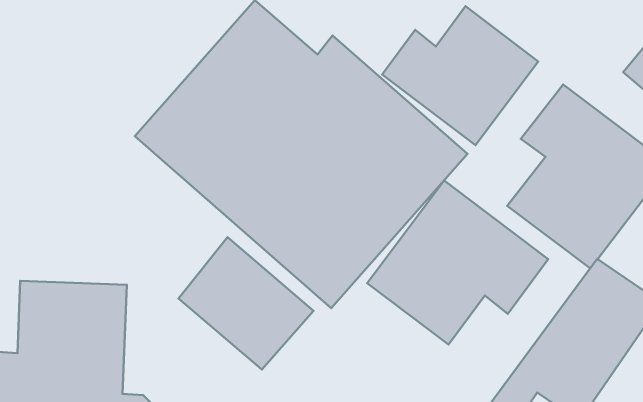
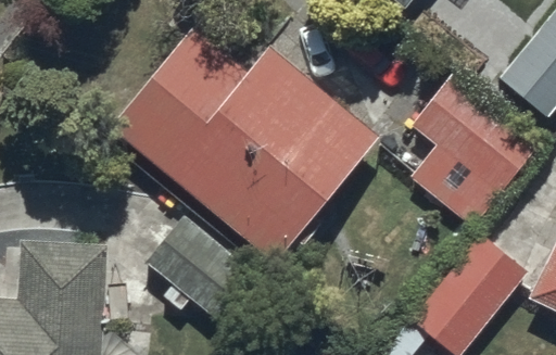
building: [382,6,538,145] -> none
building: [367,181,548,345] -> none

